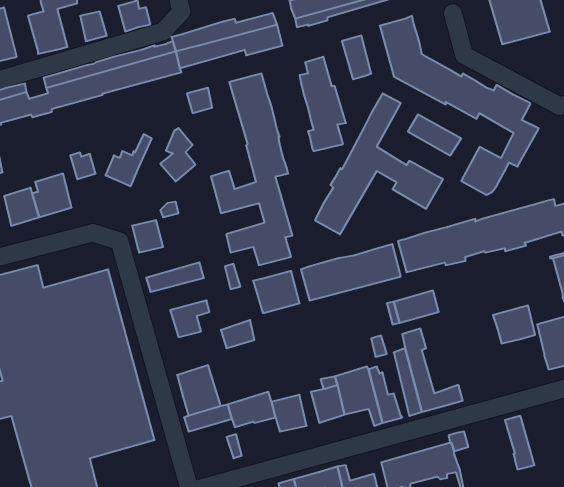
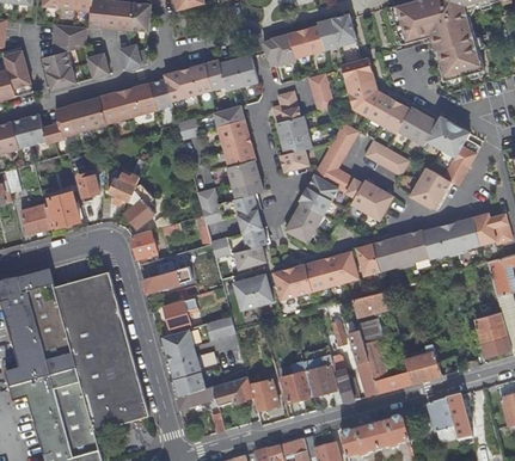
building: [160,128,195,182] -> [124,182,154,227]
building: [493,305,535,343] -> [404,350,440,382]
building: none -> [161,327,195,361]
building: none -> [428,399,456,442]

